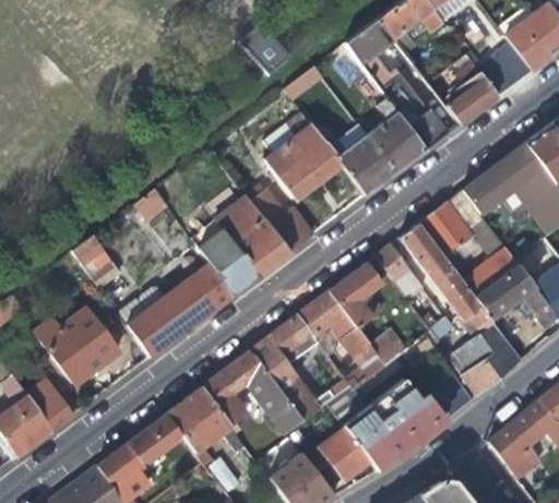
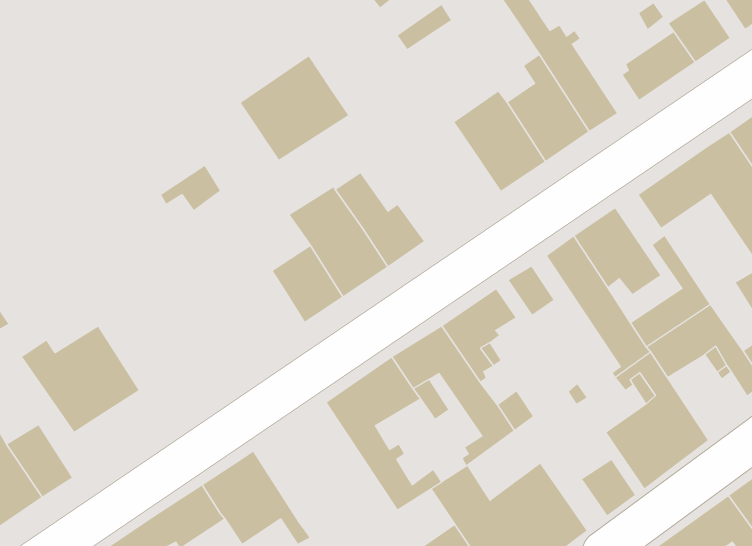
building: [266,124,344,200] -> [240,56,349,161]
building: [72,232,120,286] -> none
building: [134,271,233,356] -> none
building: [202,349,306,436] -> none

